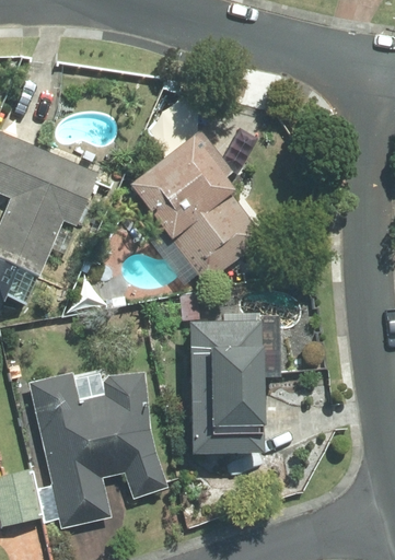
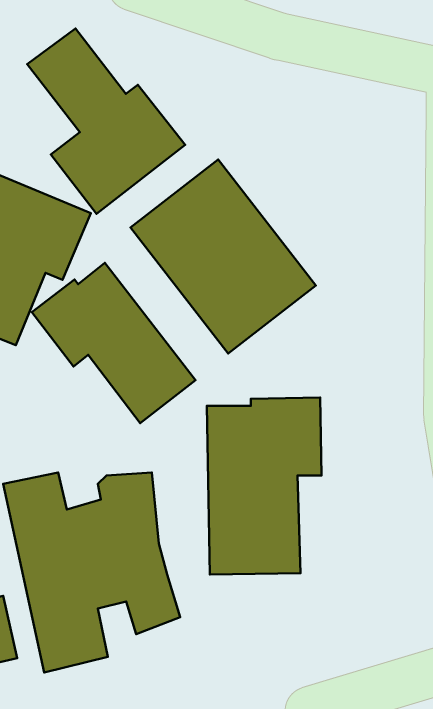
building: none -> [27,28,185,214]
building: none -> [32,263,195,423]

